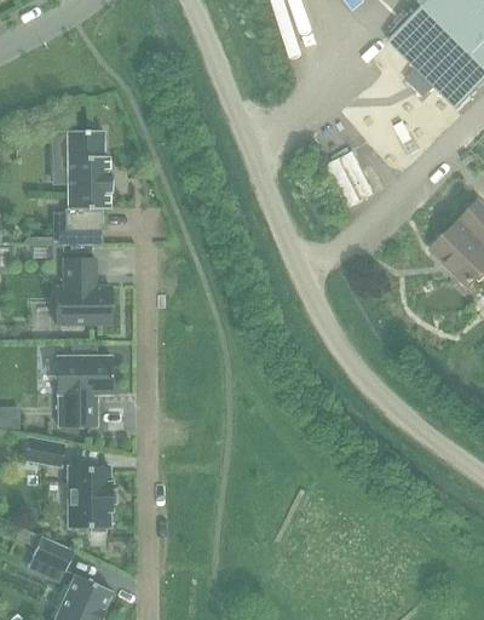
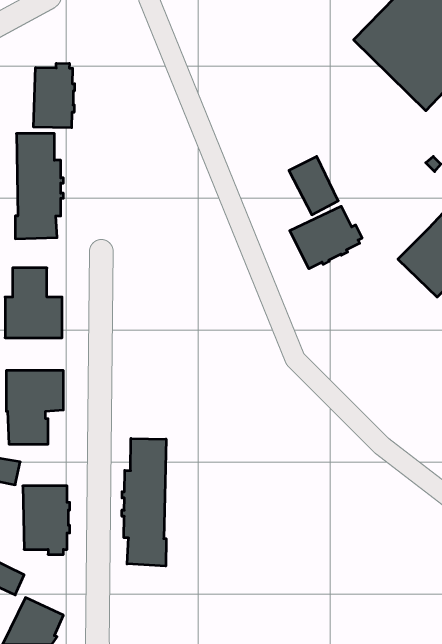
building: none -> [34,63,75,128]
building: none -> [290,206,362,269]
building: none -> [122,438,166,566]

